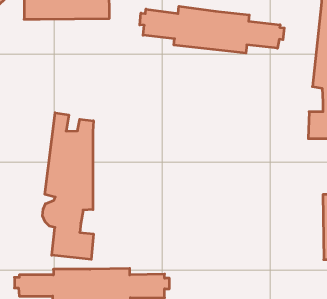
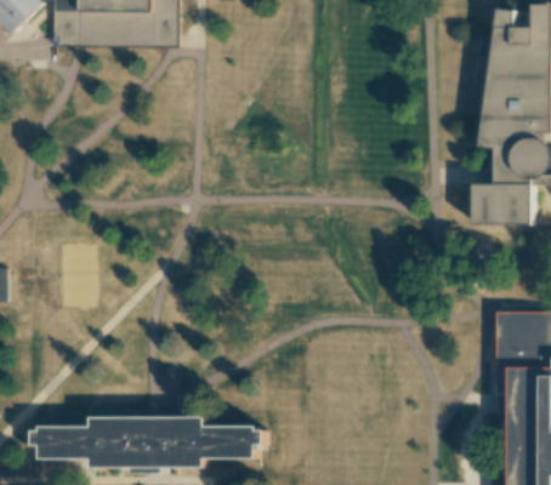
building: [140,6,284,53] -> none
building: [42,113,93,259] -> none

